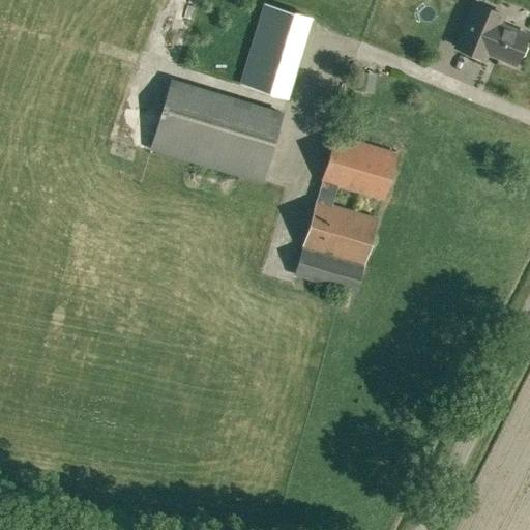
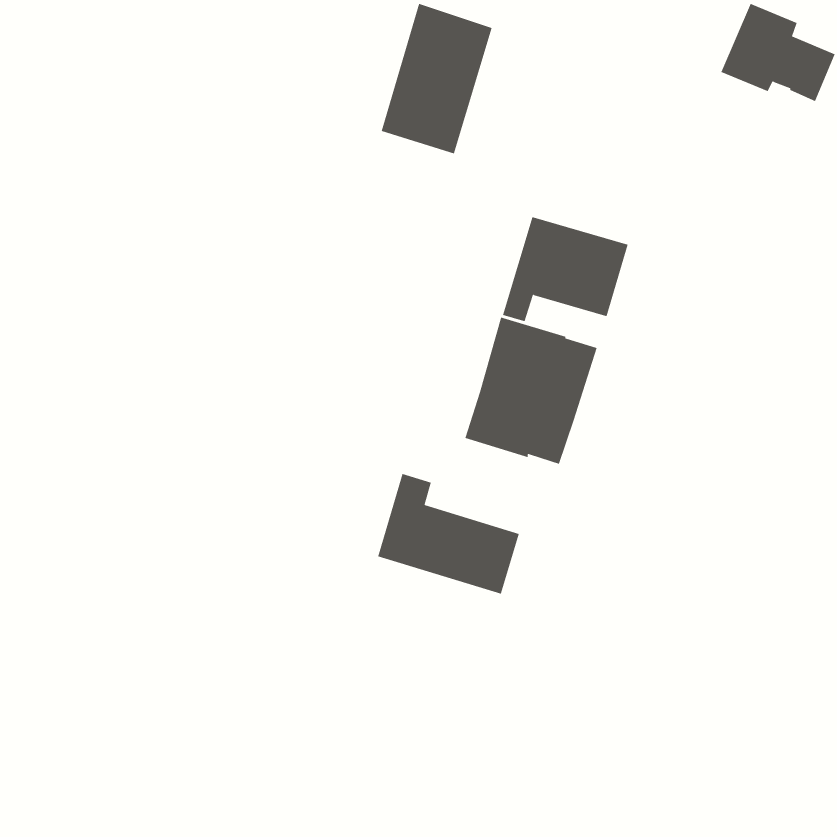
building: [150,79,285,184] -> none
building: none -> [378,473,520,595]

